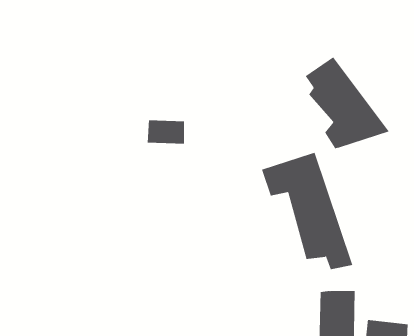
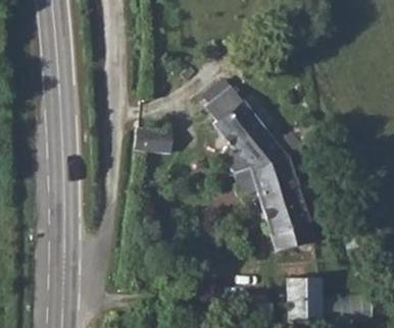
building: [305,57,390,149] -> [206,88,282,169]

